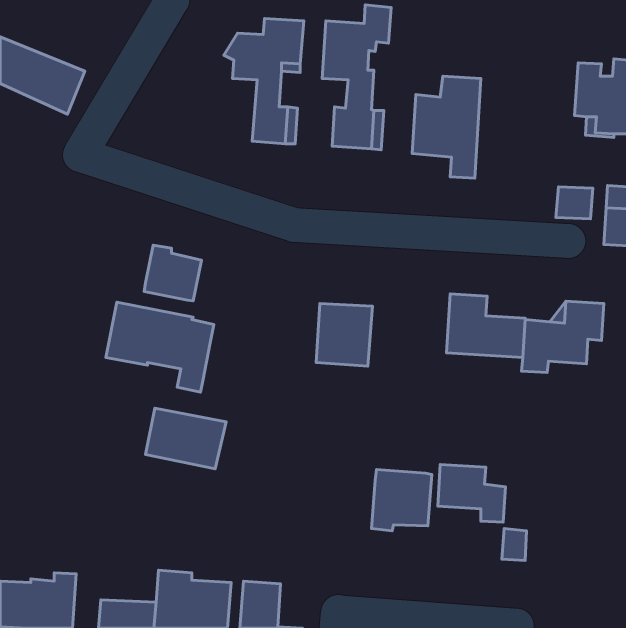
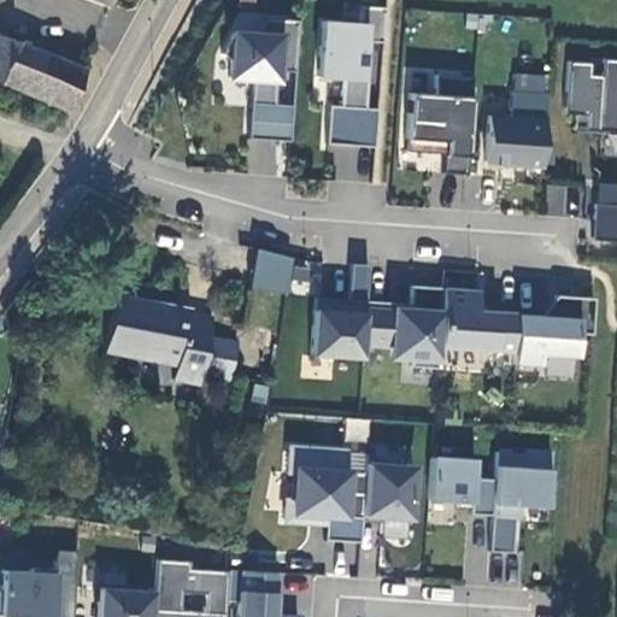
building: none -> [486,93,548,168]
building: [144,245,201,301] -> none
building: none -> [255,251,295,293]
building: none -> [364,286,443,368]
building: none -> [201,336,239,378]
building: [146,408,226,469] -> none
building: none -> [289,445,370,540]
building: none -> [498,449,559,505]

